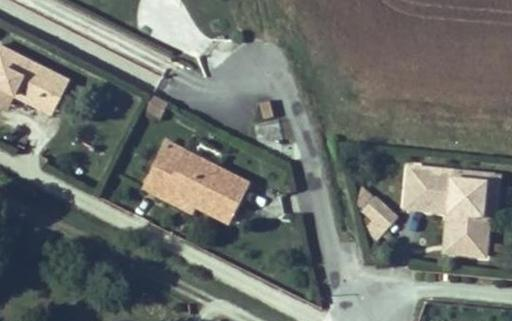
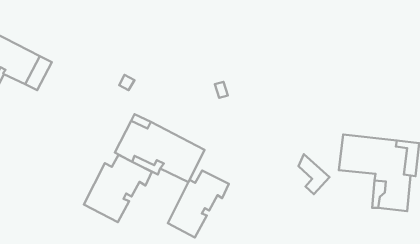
building: none -> [84,155,152,222]
building: none -> [168,170,229,237]

